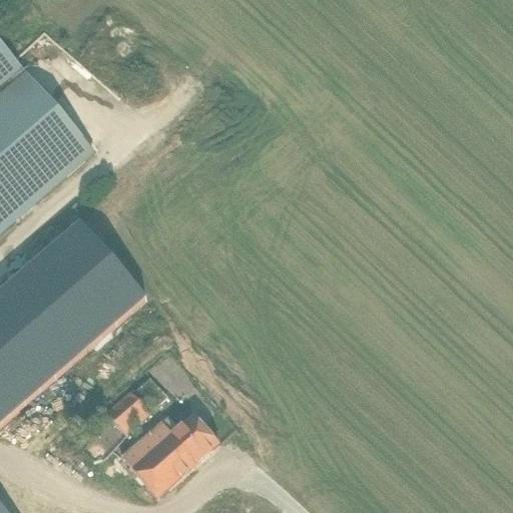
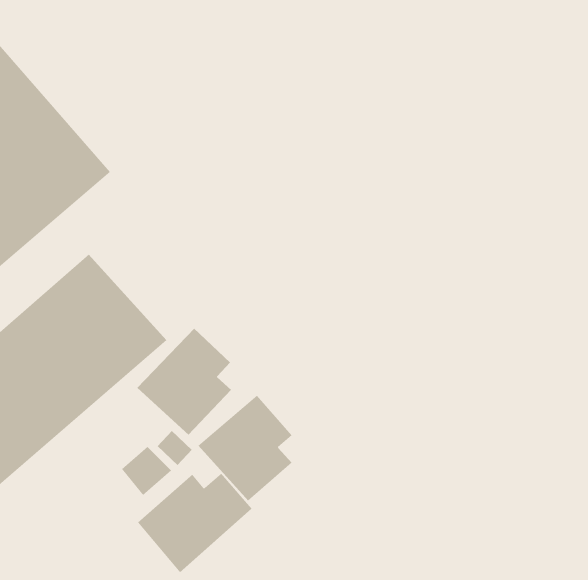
building: none -> [137,328,232,435]
building: none -> [198,395,292,502]

